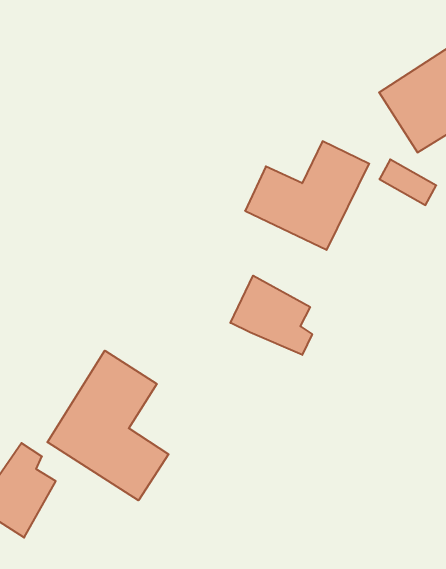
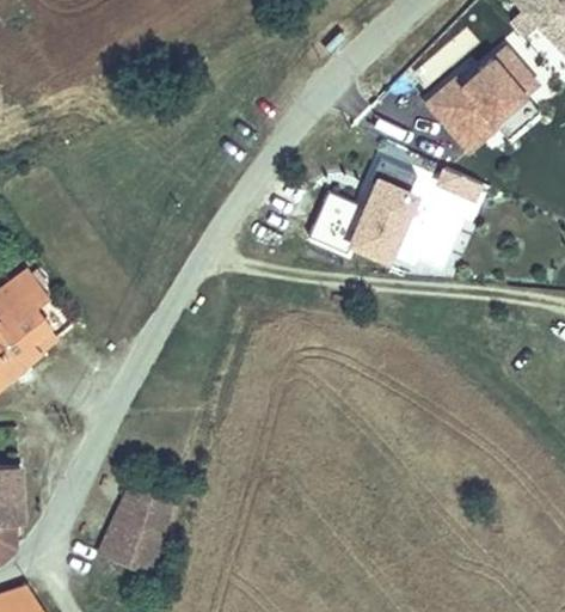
building: [230,276,312,355] -> none
building: [47,351,169,500] -> none

